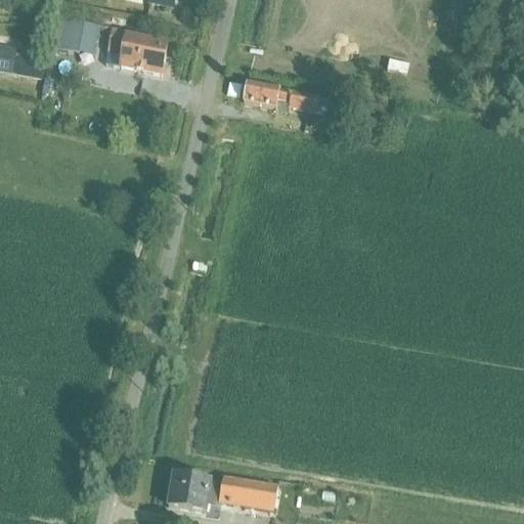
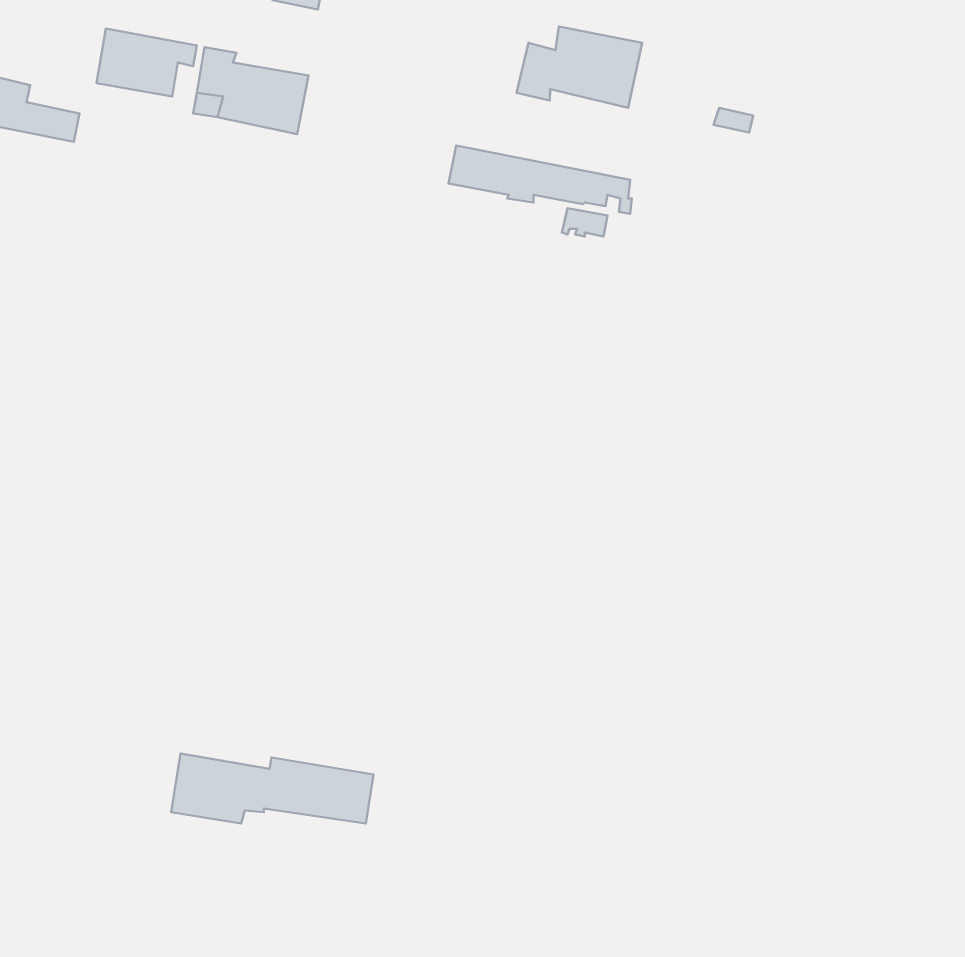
building: none -> [517,26,642,108]
building: [168,473,277,511] -> [171,754,374,824]

